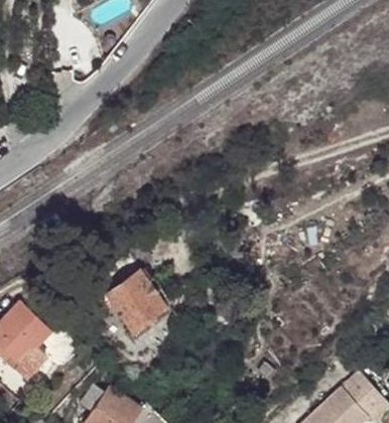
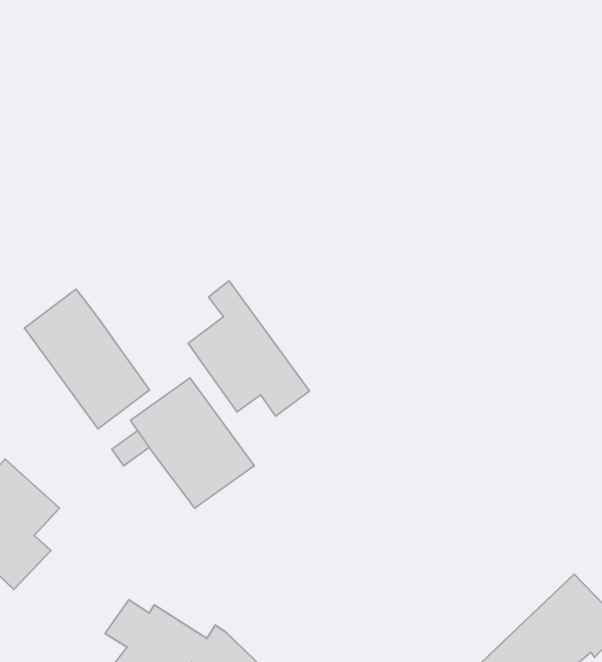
building: none -> [188,281,309,416]
building: none -> [24,289,150,429]

